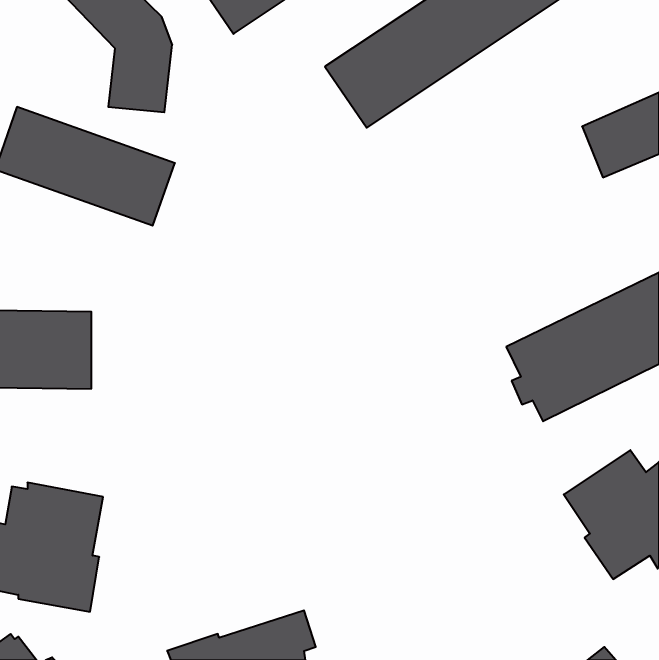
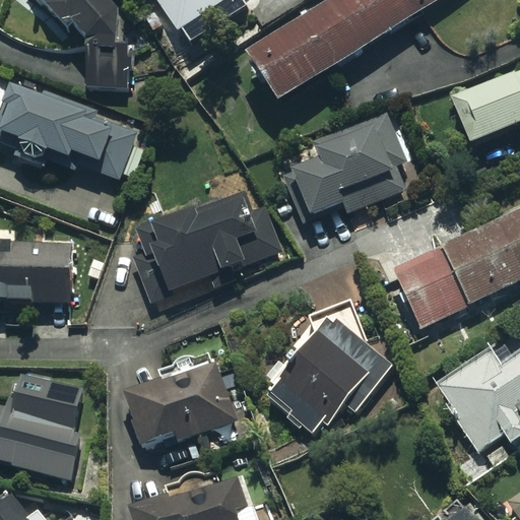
building: none -> [269,104,412,220]
building: none -> [134,195,255,299]
building: none -> [269,319,392,430]
building: none -> [126,364,237,445]

